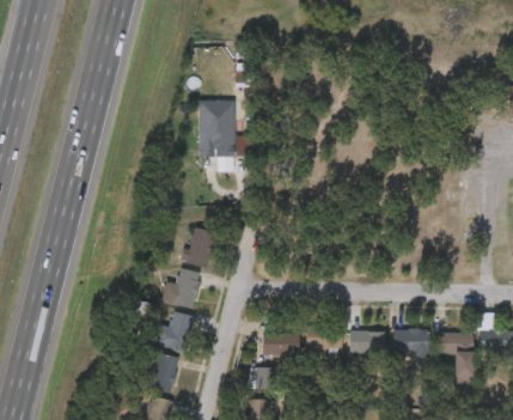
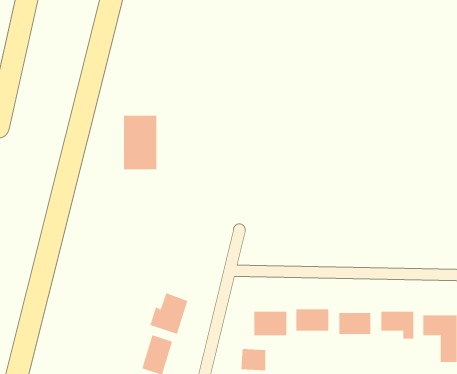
building: [200,101,234,157] -> [123,115,157,170]
building: [185,227,215,267] -> none
building: [172,268,202,309] -> none

